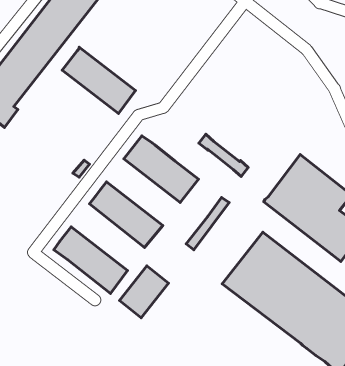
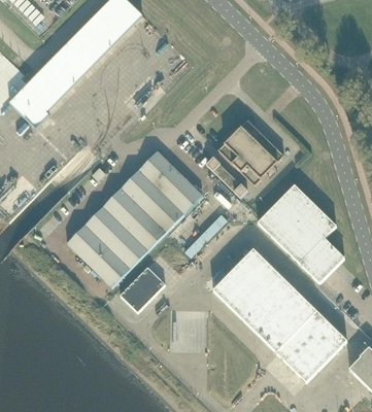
building: [62,47,136,113] -> [121,169,183,232]
building: none -> [217,118,284,184]
building: none -> [84,205,147,268]

